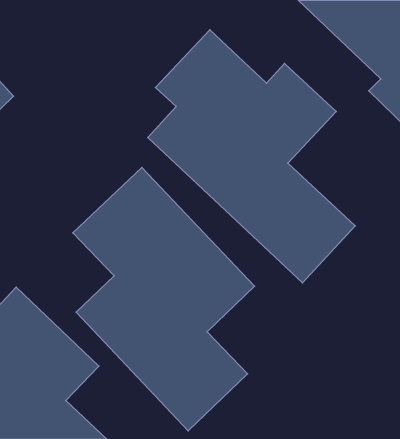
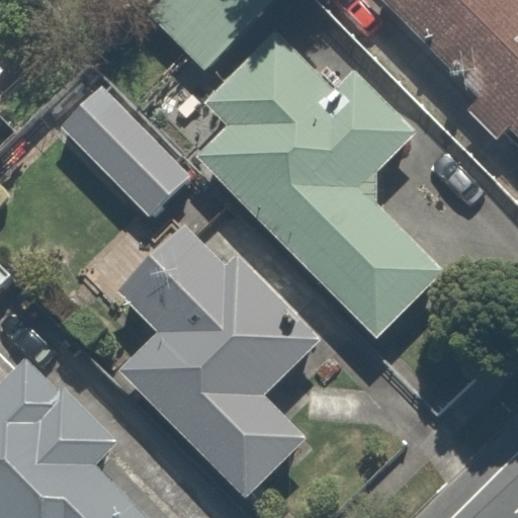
building: none -> [62,84,186,209]

